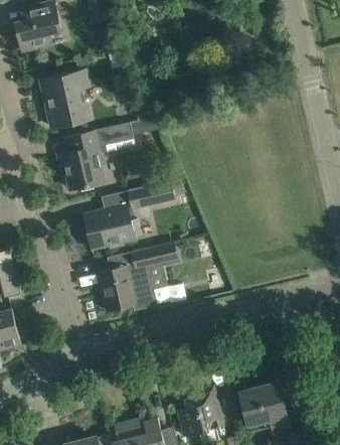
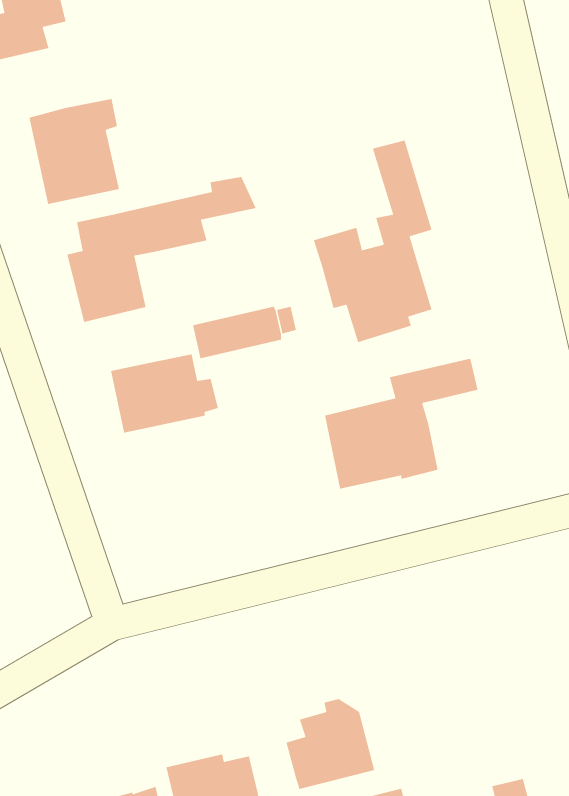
building: none -> [313,139,433,343]
building: [97,242,178,311] -> [324,358,478,489]
building: [239,384,288,434] -> none

